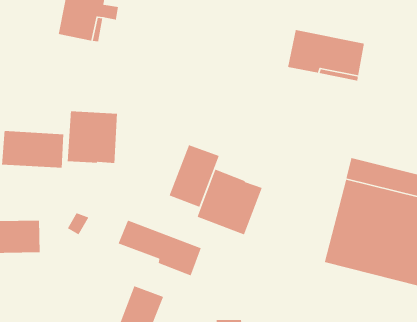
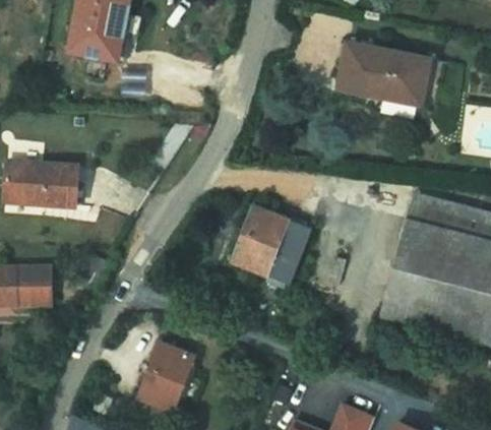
building: [67,110,118,164] -> none
building: [169,144,220,208] -> none
building: [118,219,202,276] -> none

